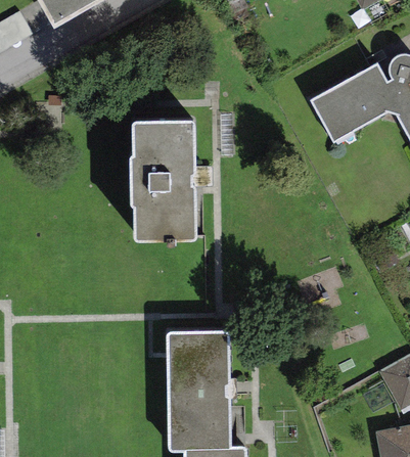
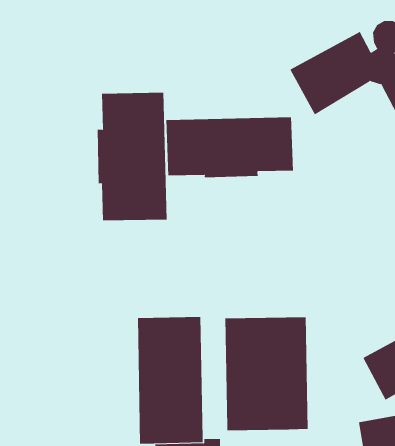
building: none -> [166,116,293,178]
building: none -> [225,317,308,431]

